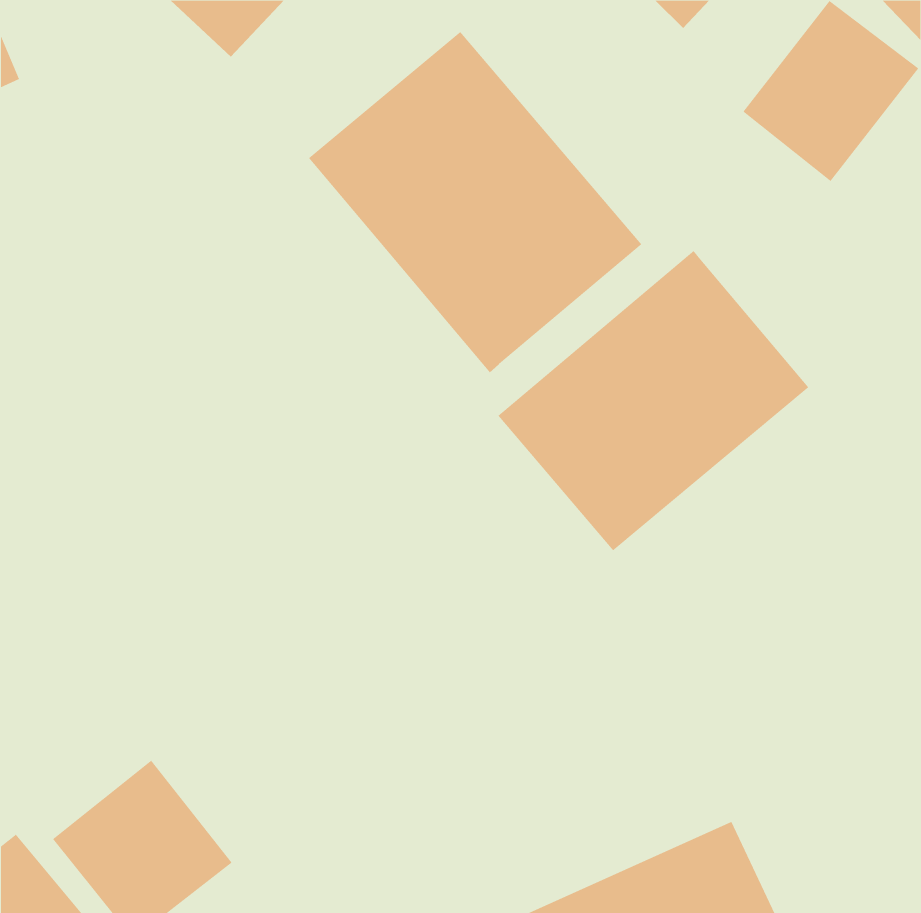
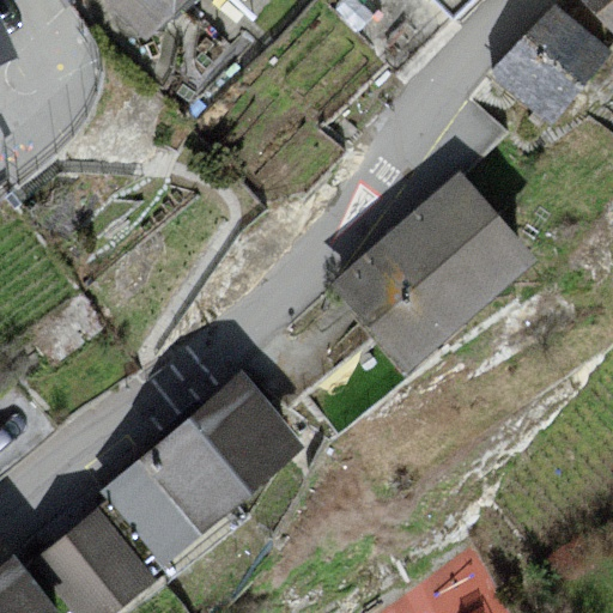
building: [308,31,642,373] -> none
building: none -> [99,374,303,566]

